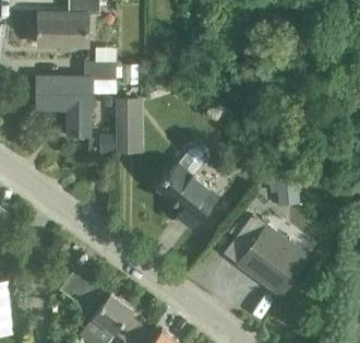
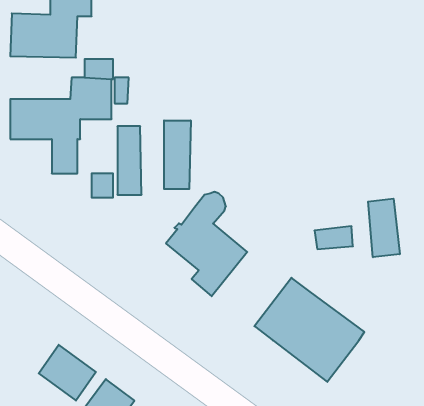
building: none -> [164,120,191,189]
building: none -> [368,199,400,257]

